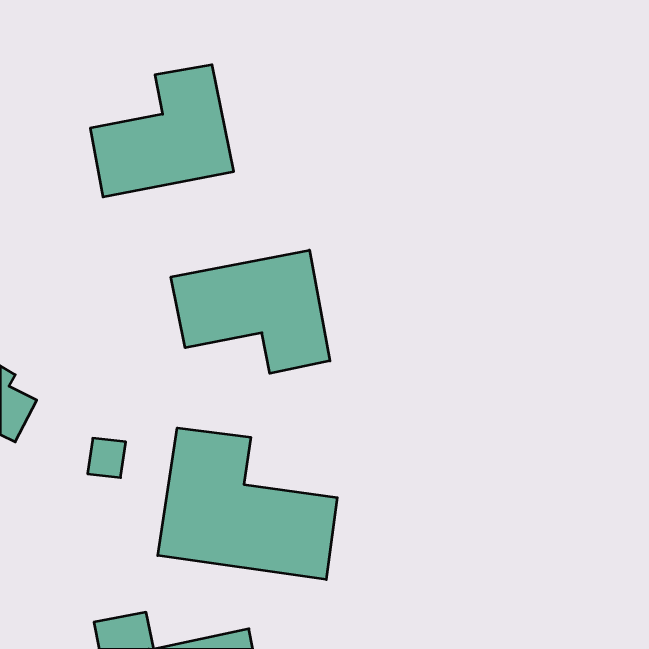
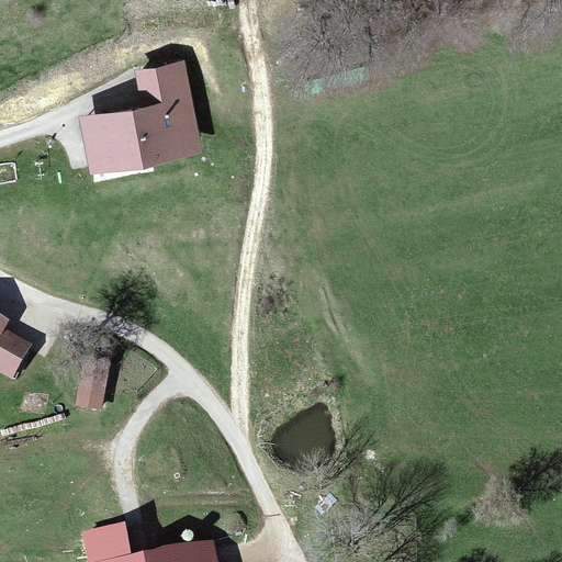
building: [171,250,330,373] -> none
building: [158,428,337,580] -> none

